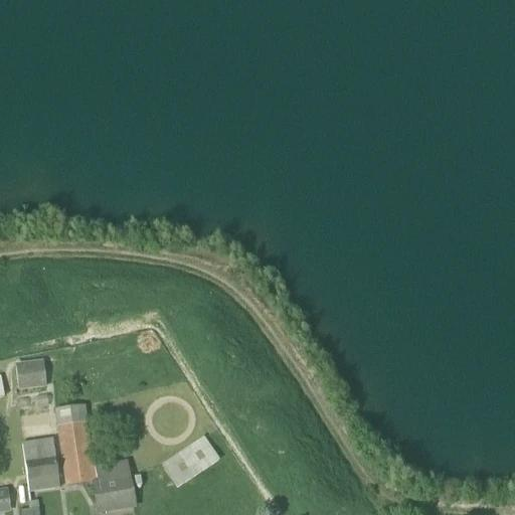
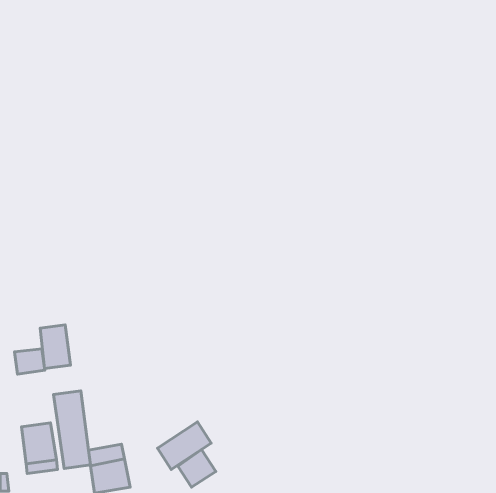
building: none -> [40,325,71,369]
building: none -> [178,450,216,487]

